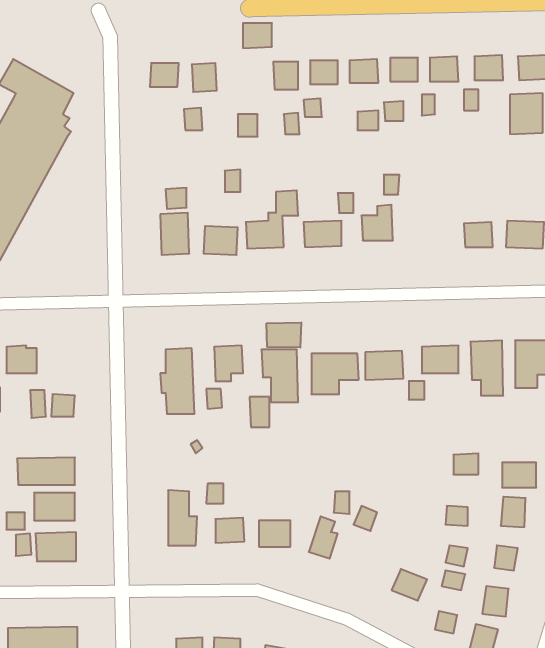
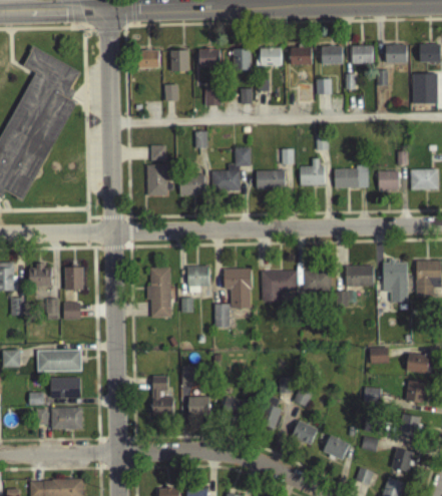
building: [243,23,272,48] -> [198,48,220,67]
building: none -> [334,166,368,187]
building: [267,322,301,348] -> none
building: none -> [64,267,84,290]
building: none -> [292,420,318,444]

